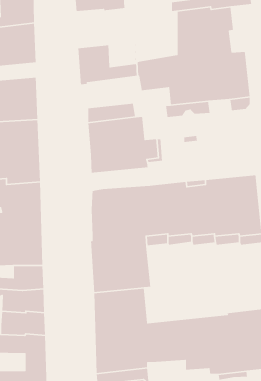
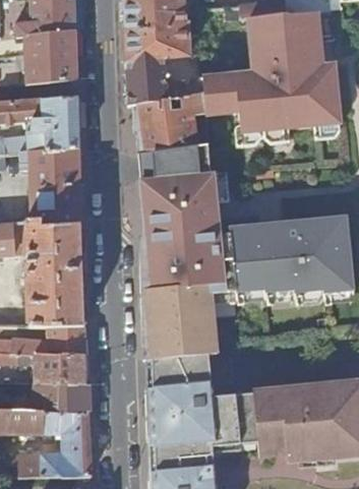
building: none -> [124,9,201,60]
building: none -> [138,95,203,133]
building: none -> [142,206,214,234]

